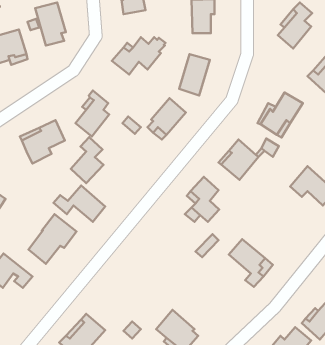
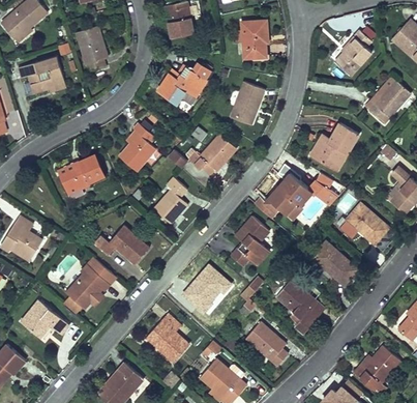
building: [71,137,104,183] -> [151,173,186,223]
building: none -> [318,243,363,287]
building: none -> [181,272,232,315]
building: none -> [150,316,189,366]
building: none -> [251,323,294,368]

